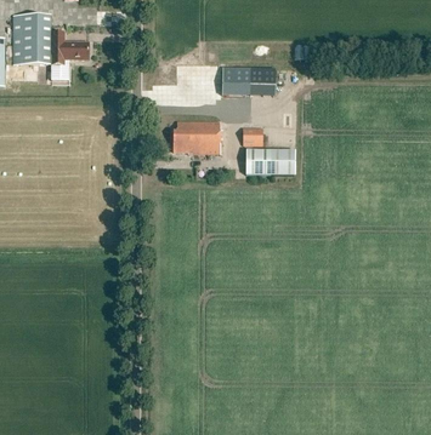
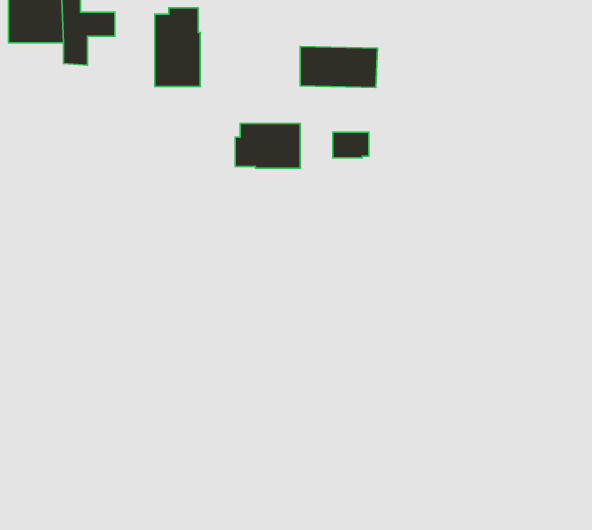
building: none -> [155,8,200,86]
building: [246,150,295,176] -> none

